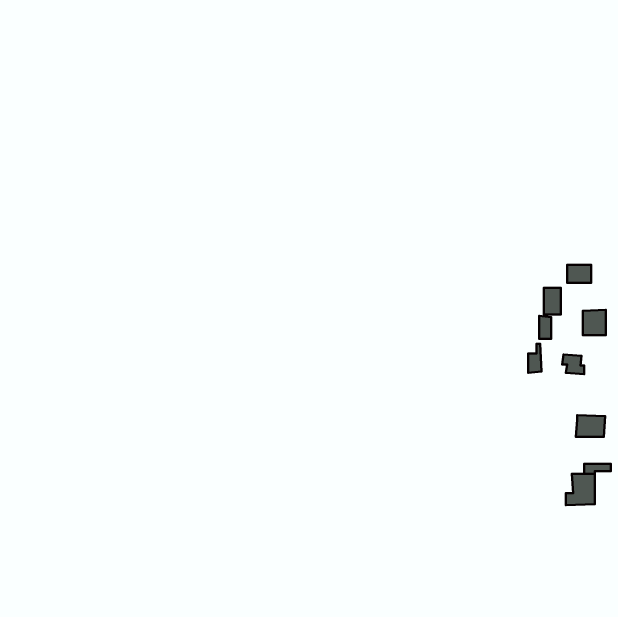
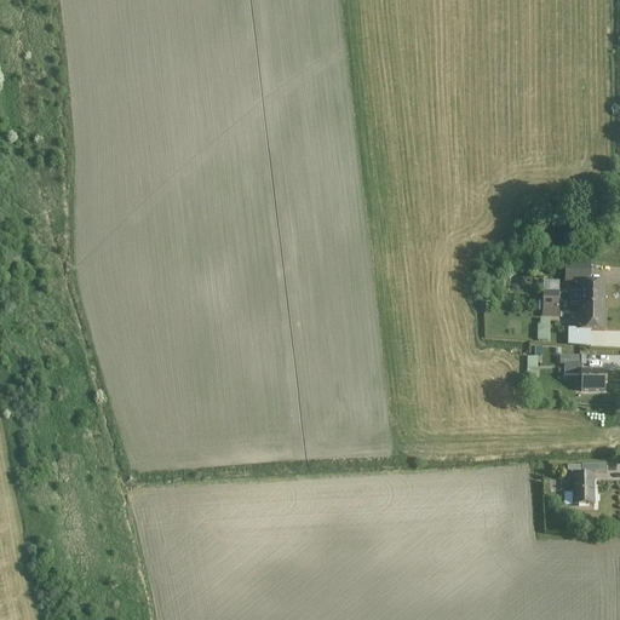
building: none -> [581,285,604,310]
building: [576,415,605,437] -> [581,368,610,390]

